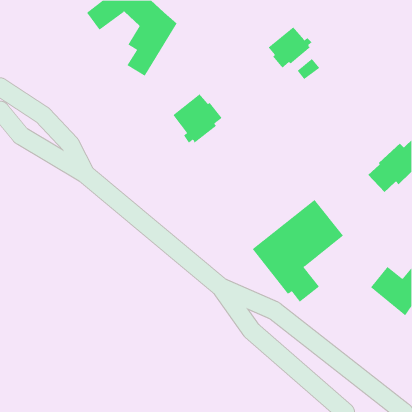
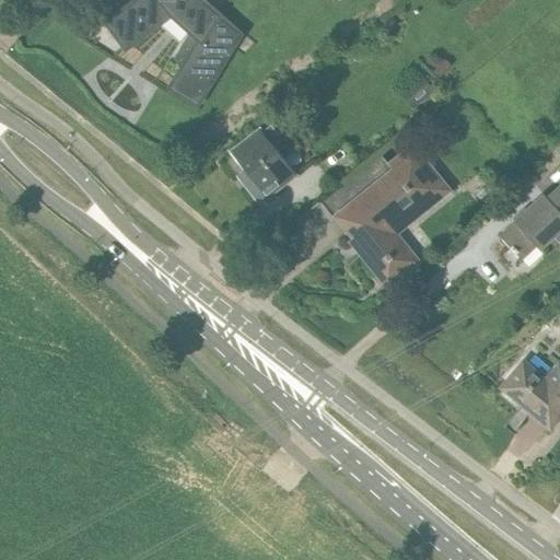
building: [268,26,313,69] -> none
building: [252,199,344,303] -> [328,143,453,283]

